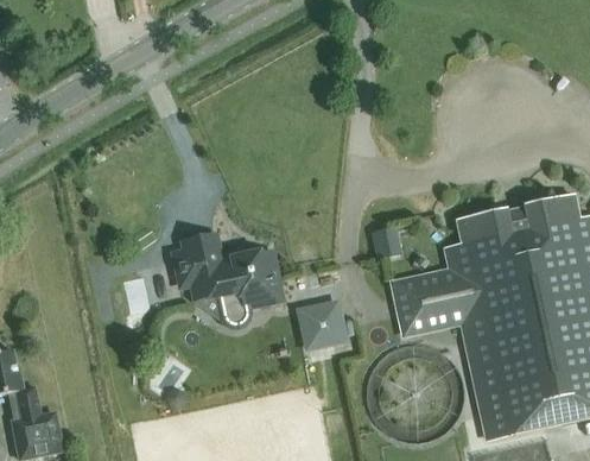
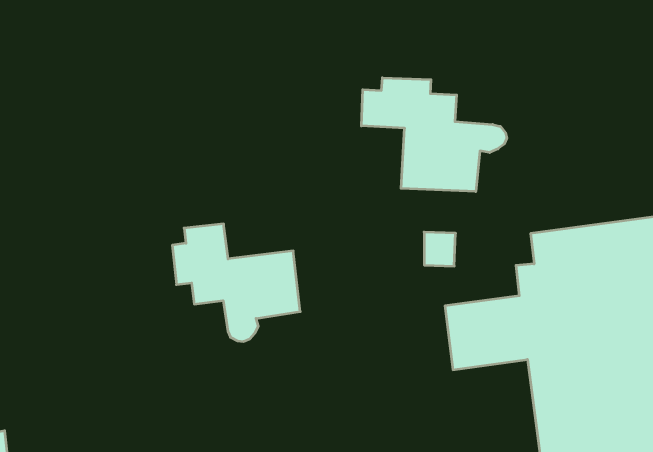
building: none -> [361,78,507,192]
building: [296,293,344,347] -> none

